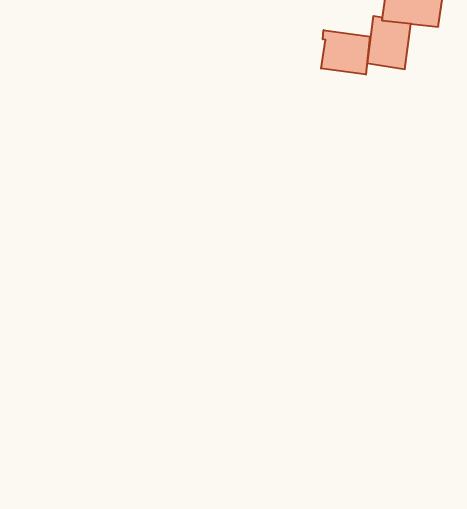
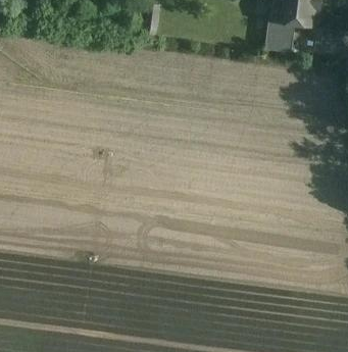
building: [321,30,370,75] -> none

